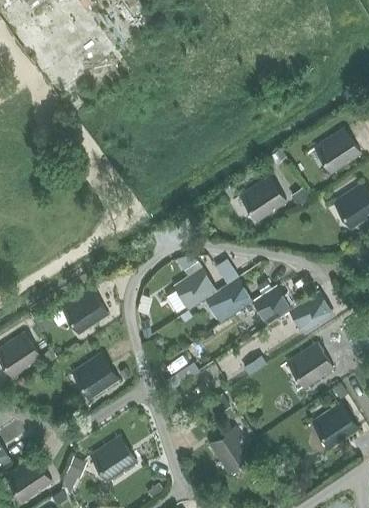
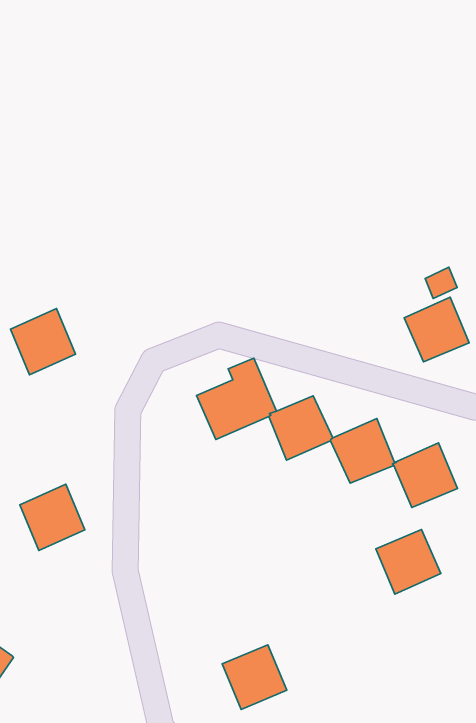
building: [243,179,284,220] -> [404,297,469,362]
building: [64,291,105,333] -> [10,309,75,375]
building: [315,406,356,447] -> none
building: [93,439,134,480] -> none

